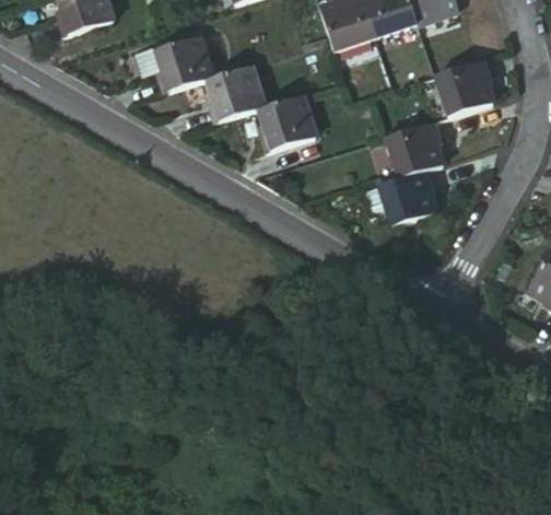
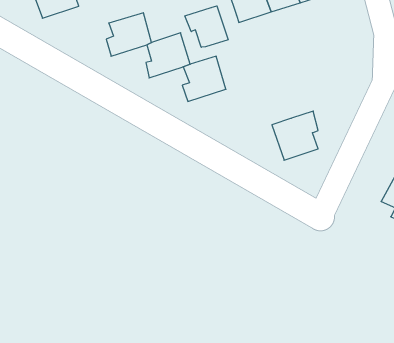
building: none -> [185,6,228,47]
building: [432,55,493,116] -> none
building: [389,119,446,178] -> none

